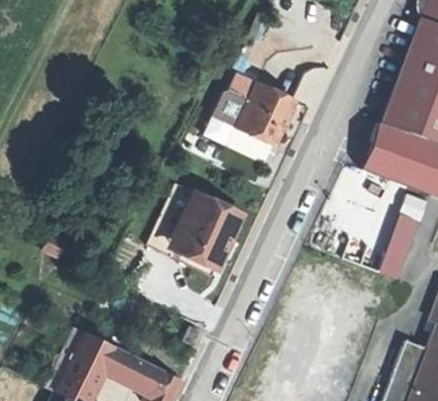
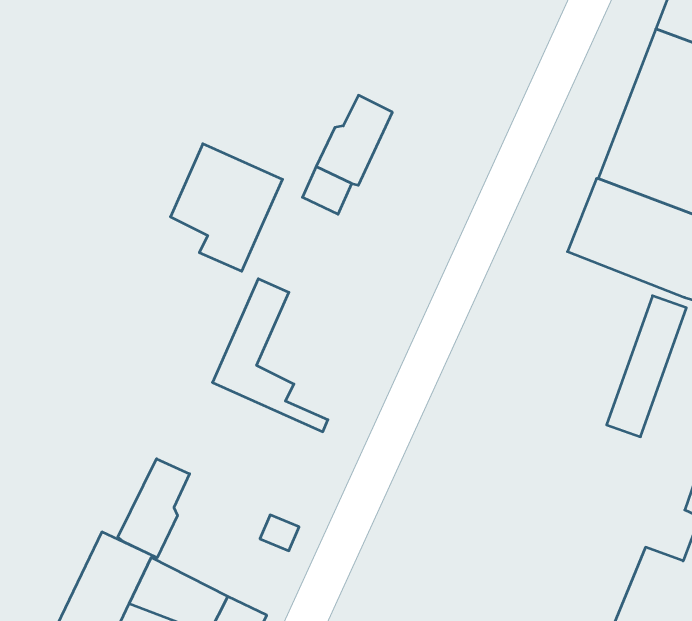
building: [237,84,296,145] -> none
building: [177,191,243,267] -> [170,144,283,271]
building: none -> [118,459,190,558]

